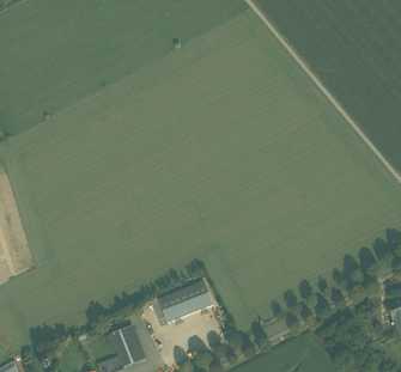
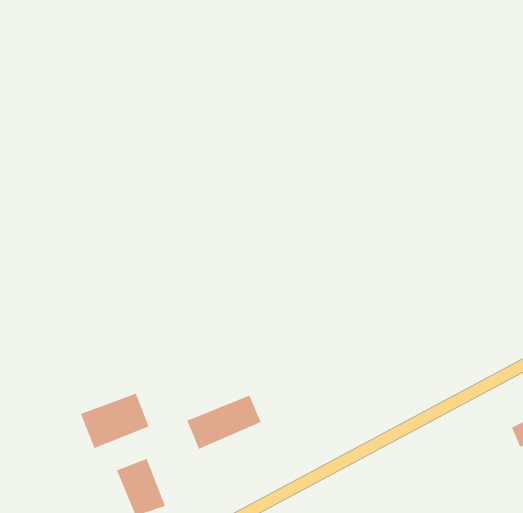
building: none -> [80,393,149,449]

